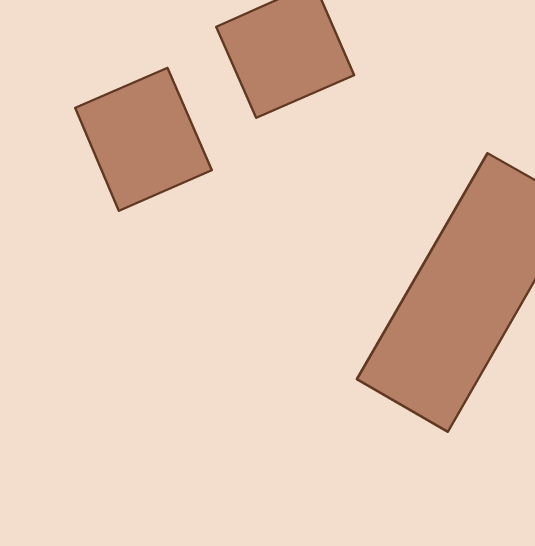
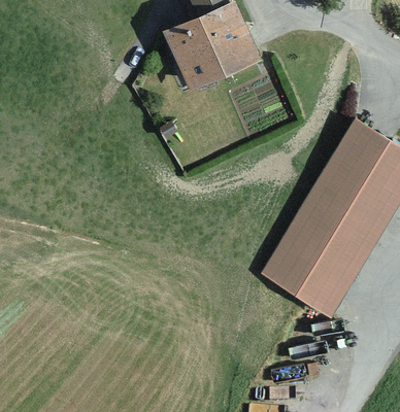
building: [75,68,212,211] -> none

